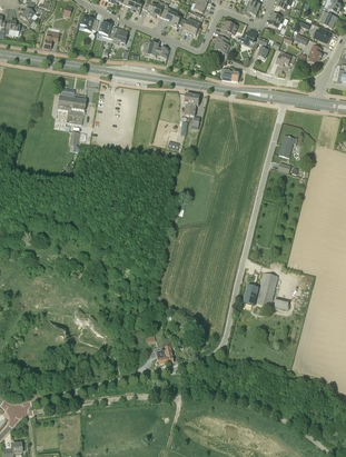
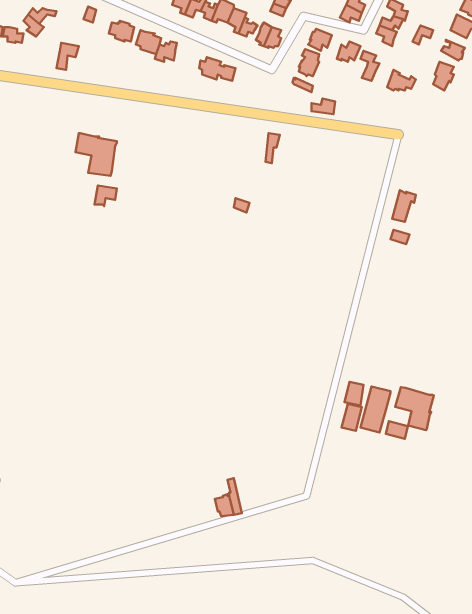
building: none -> [395,387,434,430]

